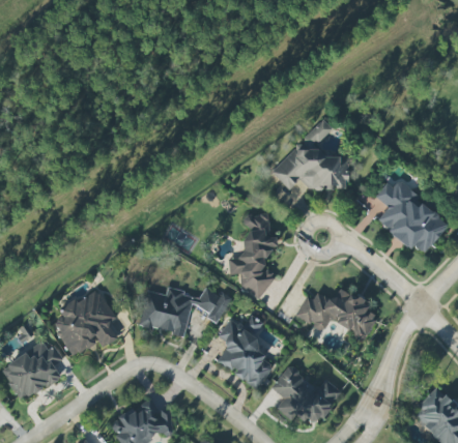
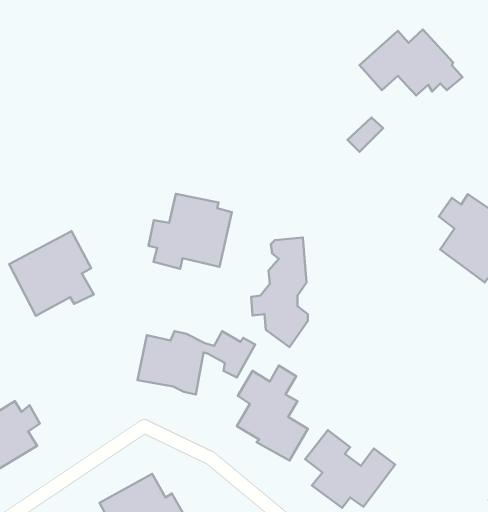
building: [271,142,352,194] -> [360,30,463,96]
building: none -> [148,194,232,269]
building: [295,288,378,341] -> none
building: [51,290,117,356] -> [9,231,94,316]

